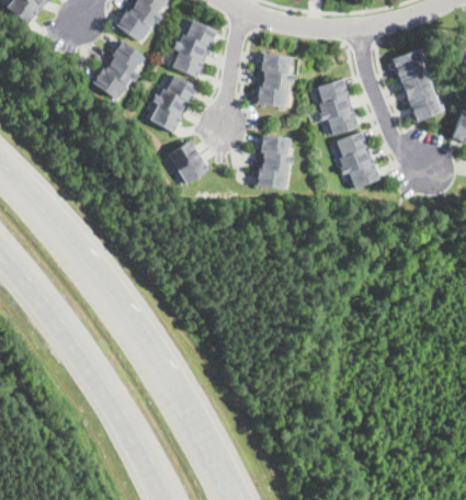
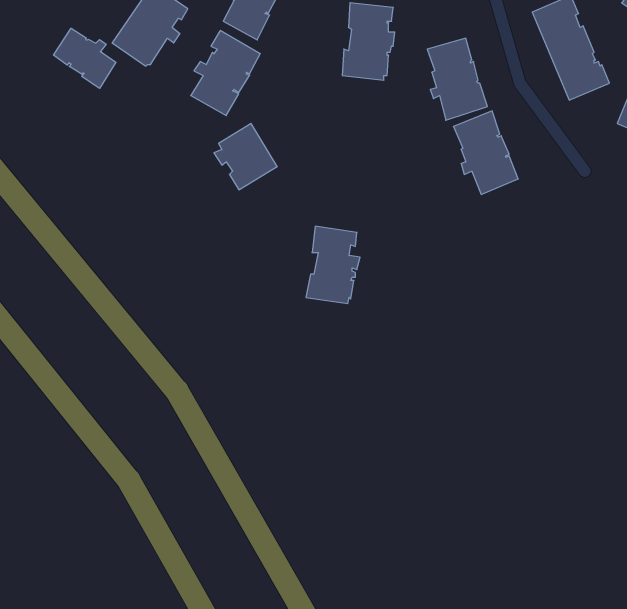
building: none -> [53,28,116,88]
building: [255,134,294,189] -> [306,226,360,304]

